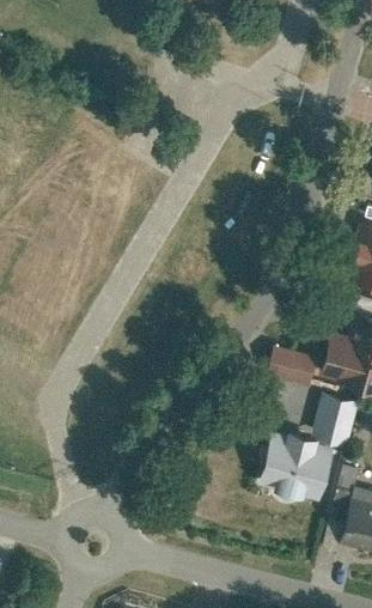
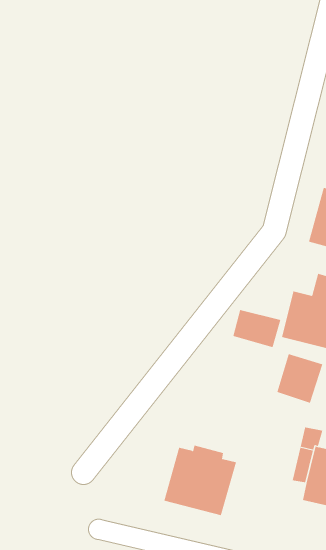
building: [257,428,333,501] -> [163,445,237,516]

